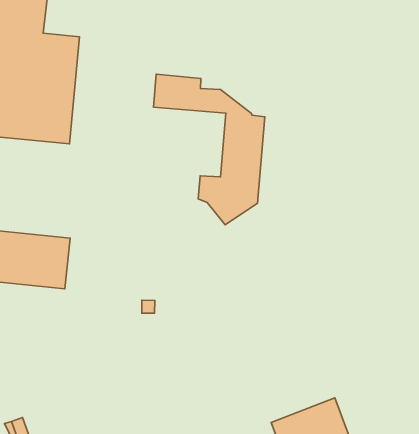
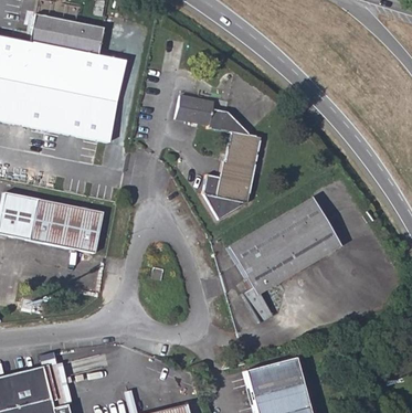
building: none -> [229,198,340,324]

